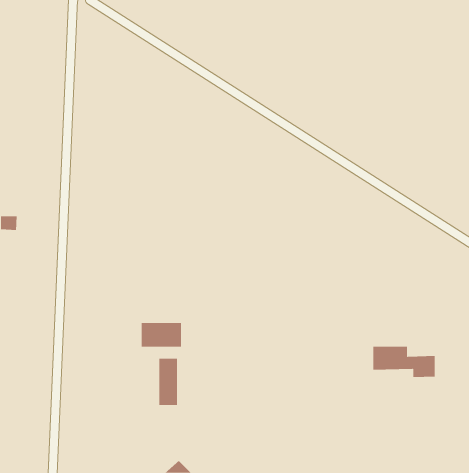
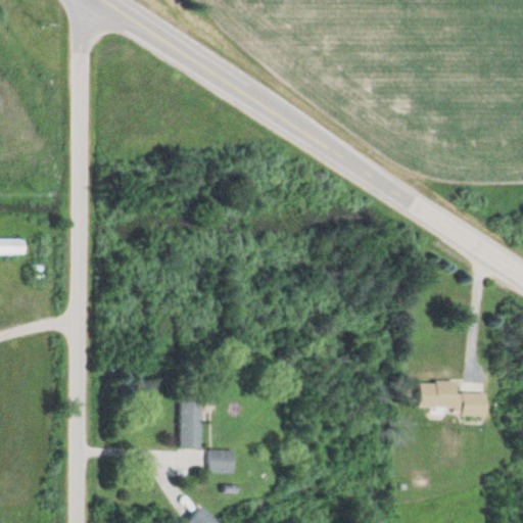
building: [141,322,181,348] -> none
building: none -> [209,450,233,473]

